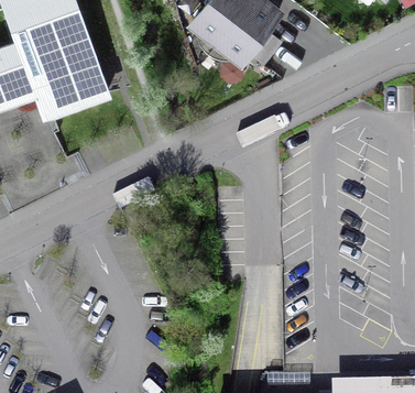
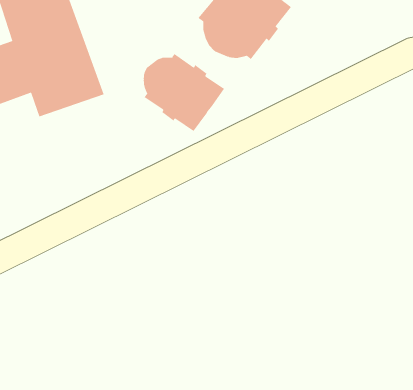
building: none -> [143,53,225,132]

